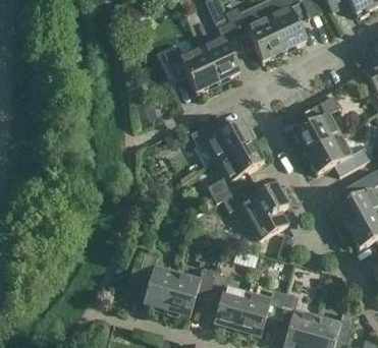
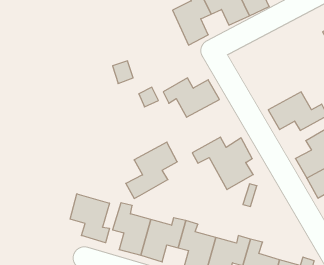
building: [163,45,218,93] -> none
building: [292,95,340,153] -> none
building: [207,141,263,202] -> [126,142,177,198]
building: none -> [70,194,109,243]

